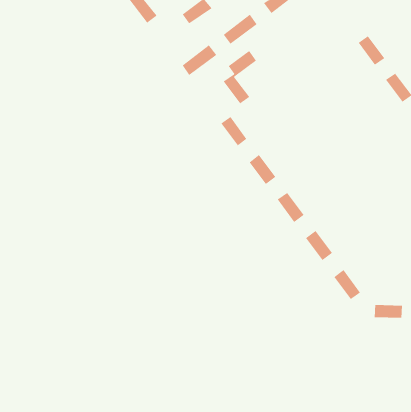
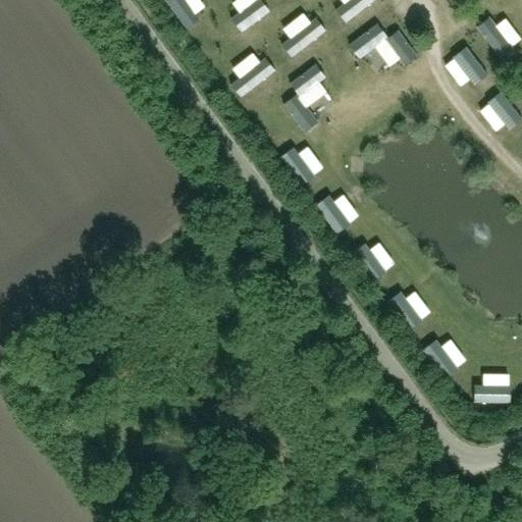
building: none -> [477,16,516,61]
building: none -> [350,23,418,65]

